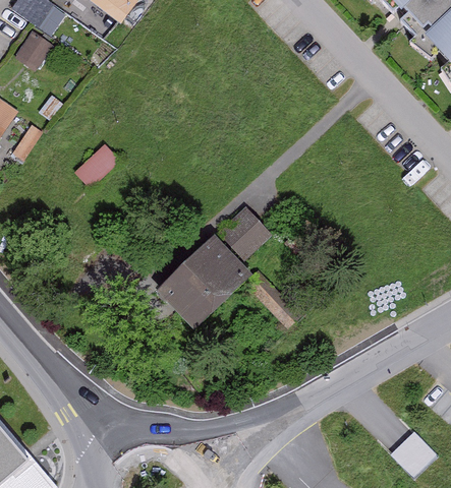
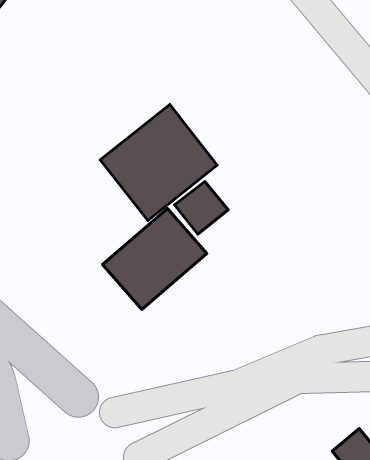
building: none -> [100,105,217,220]
building: [75,146,117,187] -> none

